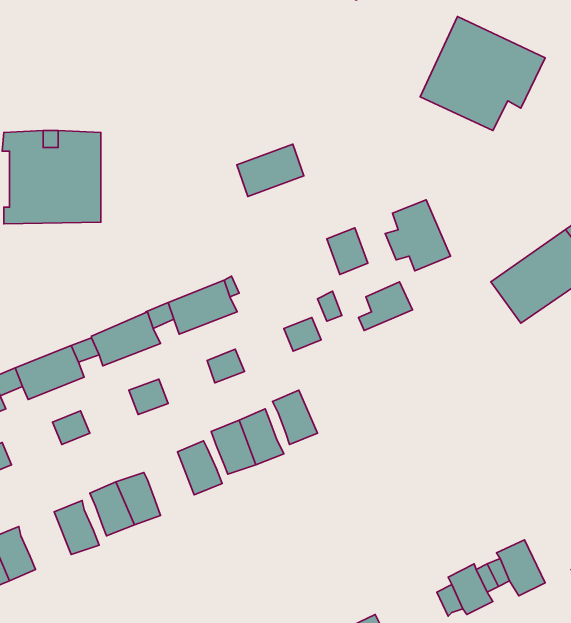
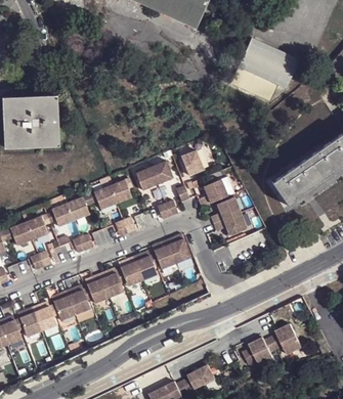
building: [237,144,304,196] -> [136,162,173,190]
building: [385,200,450,271] -> [211,198,247,237]
building: none -> [166,234,191,264]
building: none -> [85,274,109,304]
building: none -> [16,307,41,337]

